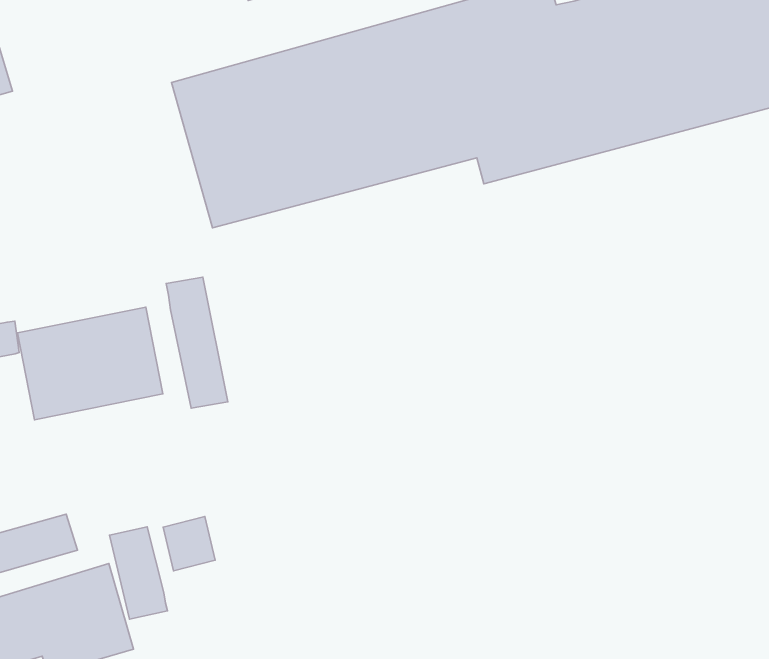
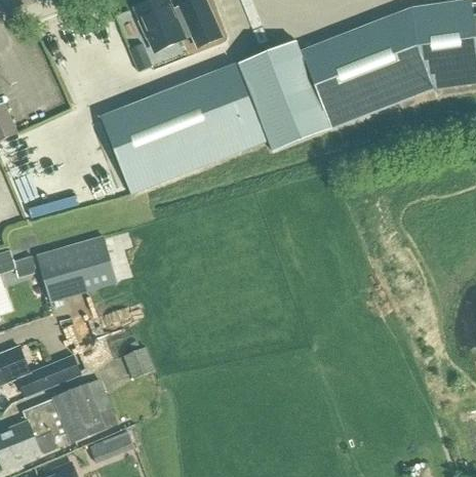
building: [166,277,228,408] -> none
building: [109,527,167,619] -> none

